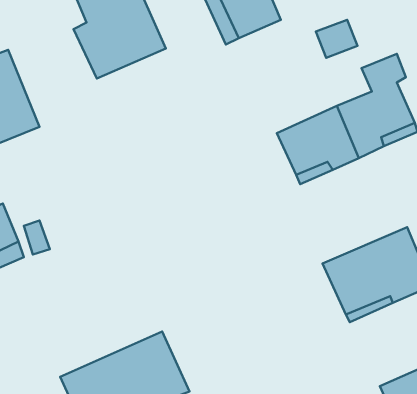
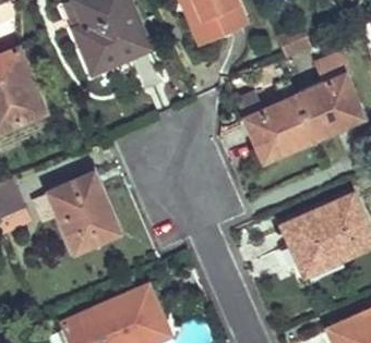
building: none -> [48,173,118,250]

